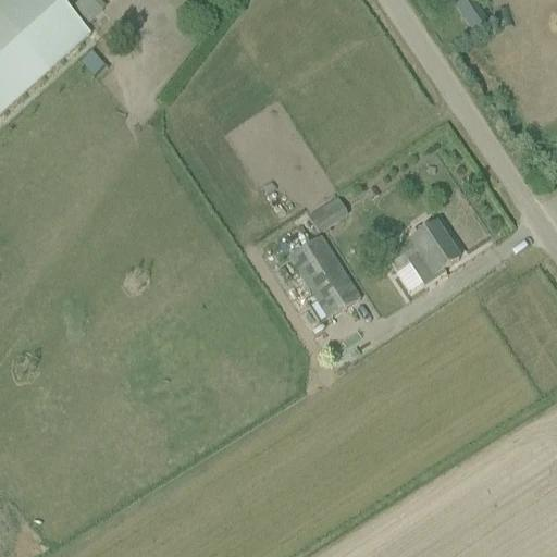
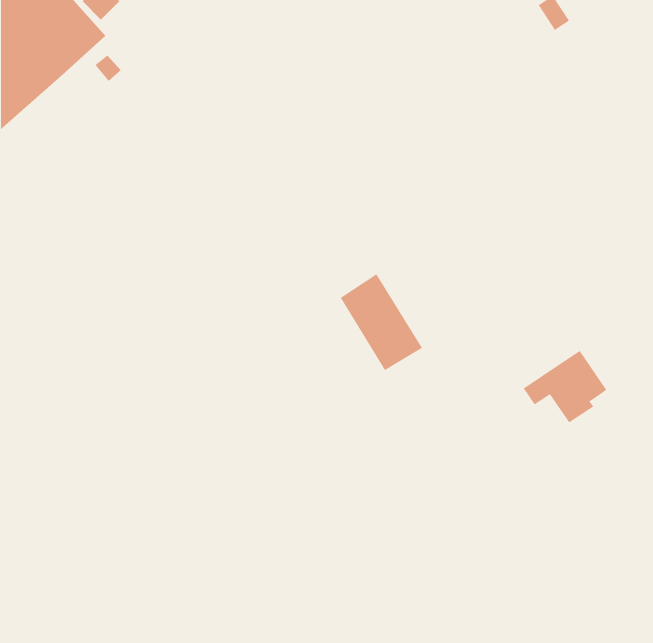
building: [310,196,348,228] -> none
building: [386,221,458,283] -> [523,350,607,423]

